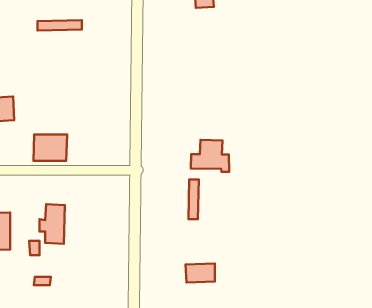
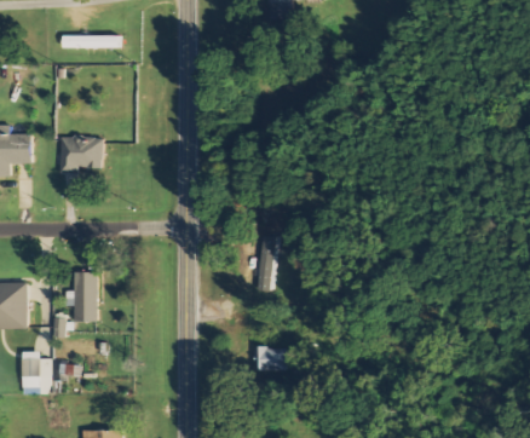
building: [33,135,67,161] -> [59,137,103,171]
building: [191,140,229,172] -> none
building: none -> [22,351,51,394]

